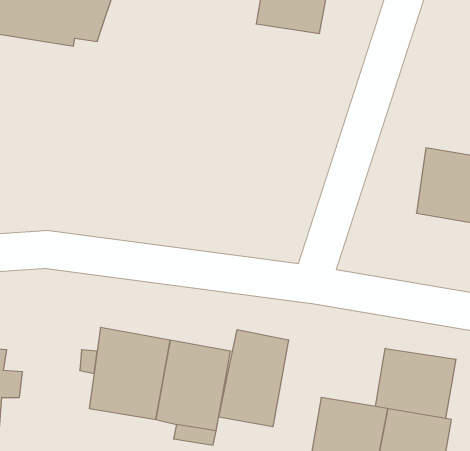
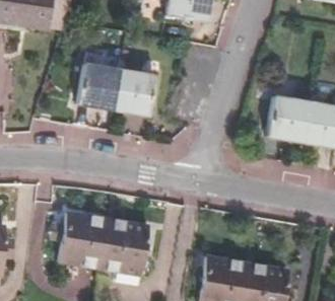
building: none -> [78,63,156,118]
building: [219,330,288,427] -> none
building: [375,348,456,418] -> none

